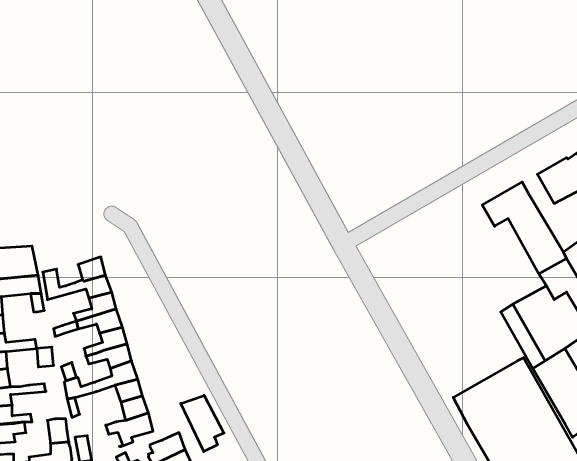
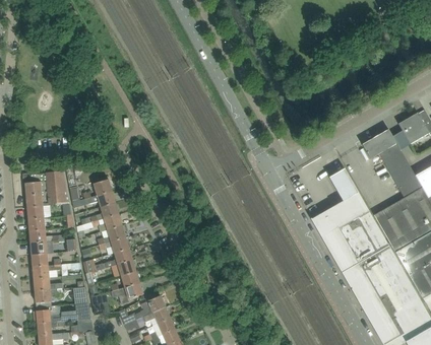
building: none -> [311,168,388,272]
building: [181,395,224,452] -> none

